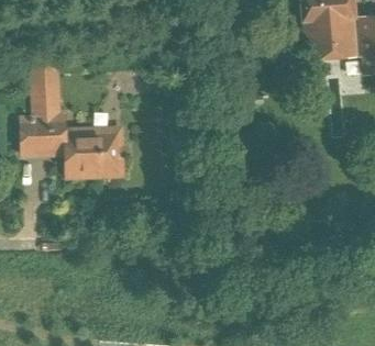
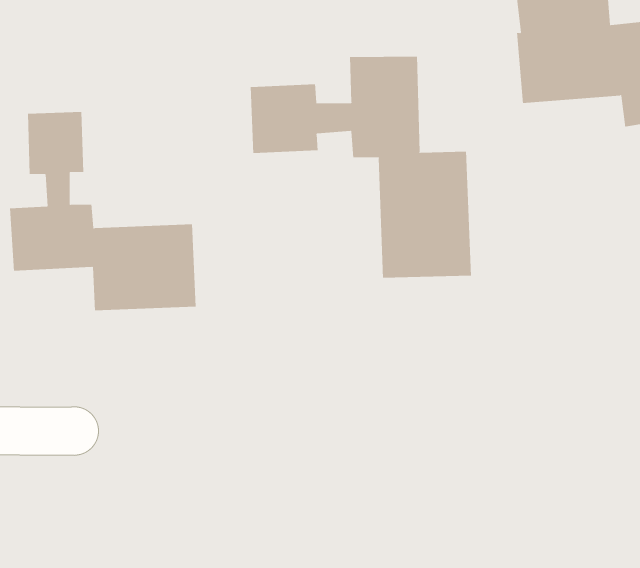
building: none -> [250,56,471,279]

